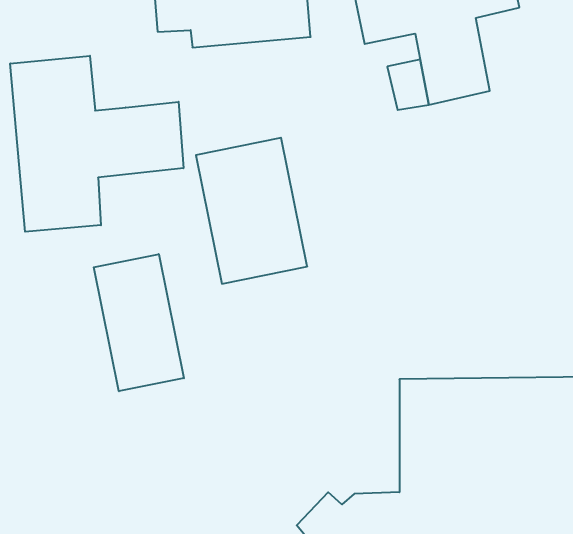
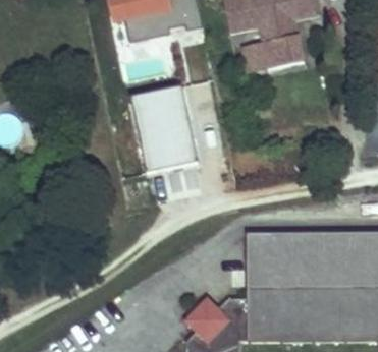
building: [10,56,183,232] -> none
building: [94,254,184,391] -> none

